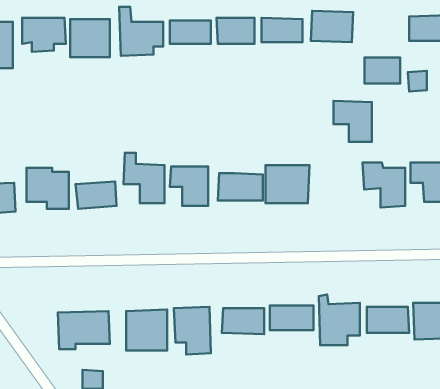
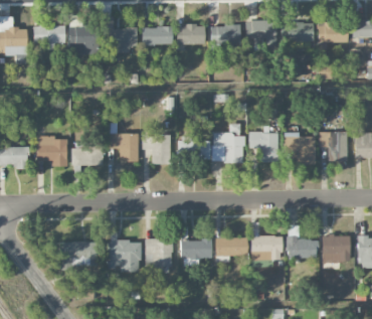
building: [364,57,400,83] -> [287,22,313,41]
building: [334,101,372,142] -> [249,132,277,162]

